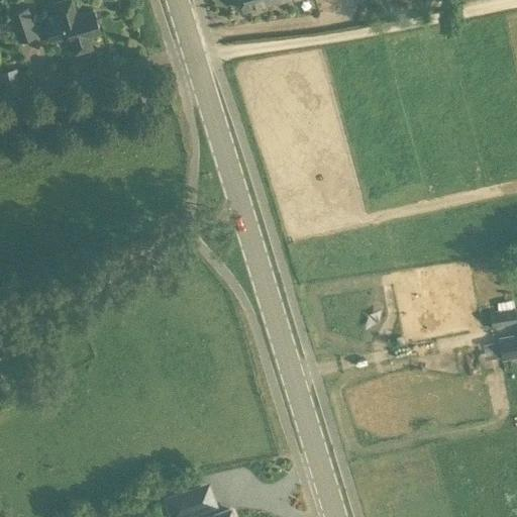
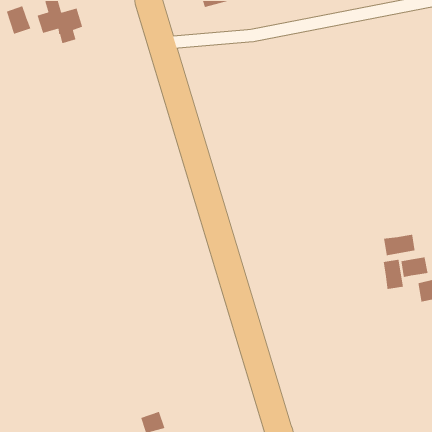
building: none -> [383,234,416,256]
building: none -> [383,259,404,290]

